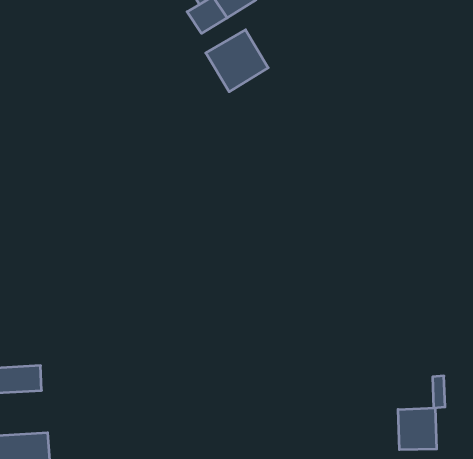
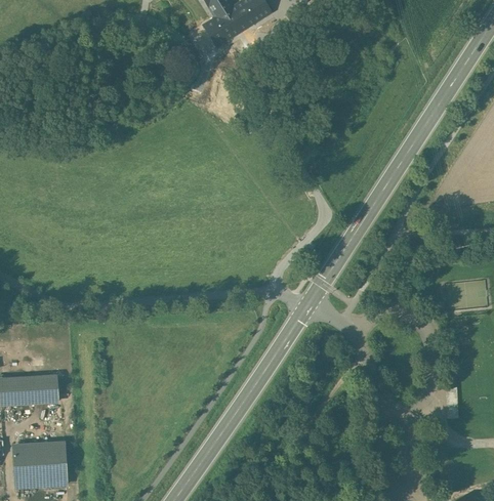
building: [206,30,268,92] -> none
building: [398,408,437,450] -> none

